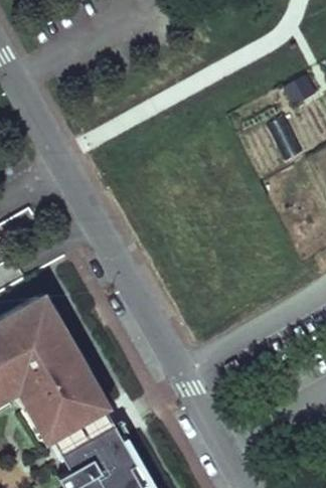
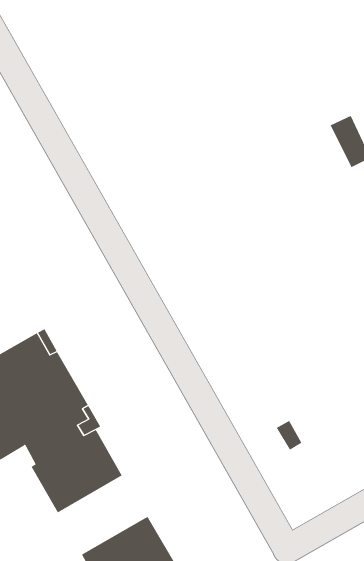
building: [52,412,124,475] -> none

